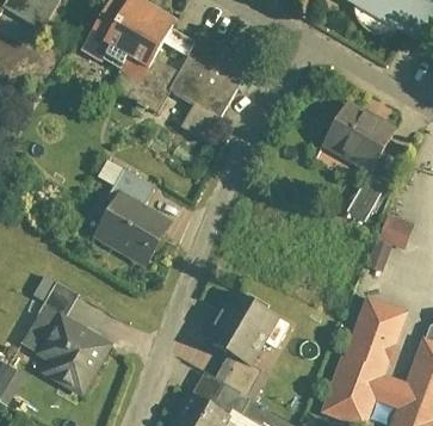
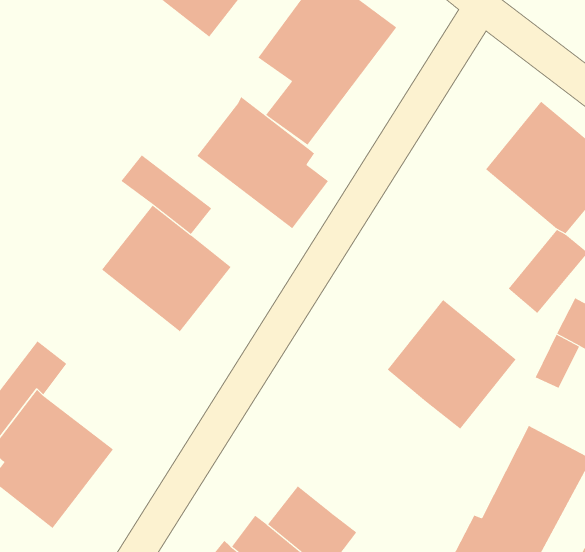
building: none -> [197,96,329,229]
building: [203,286,282,365] -> [387,299,516,430]

